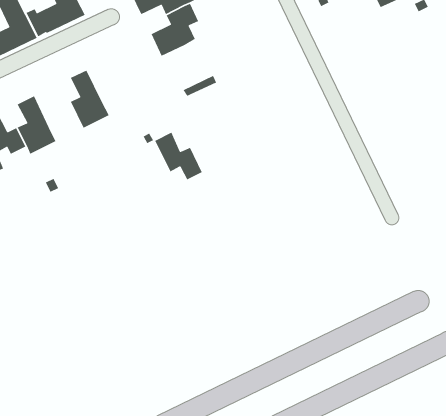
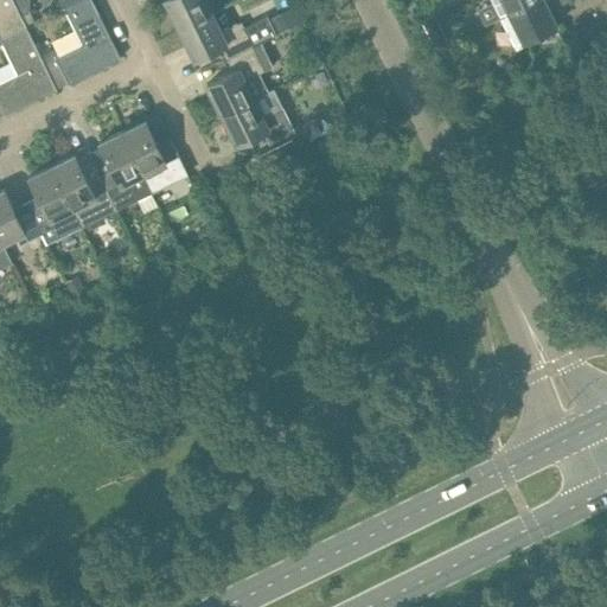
building: none -> [221,100,294,145]
building: none -> [51,155,116,228]
building: [154,132,203,180] -> [121,120,186,185]

